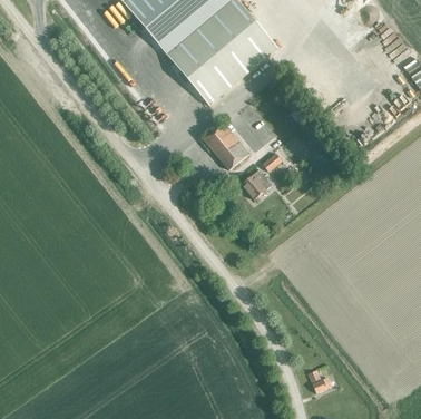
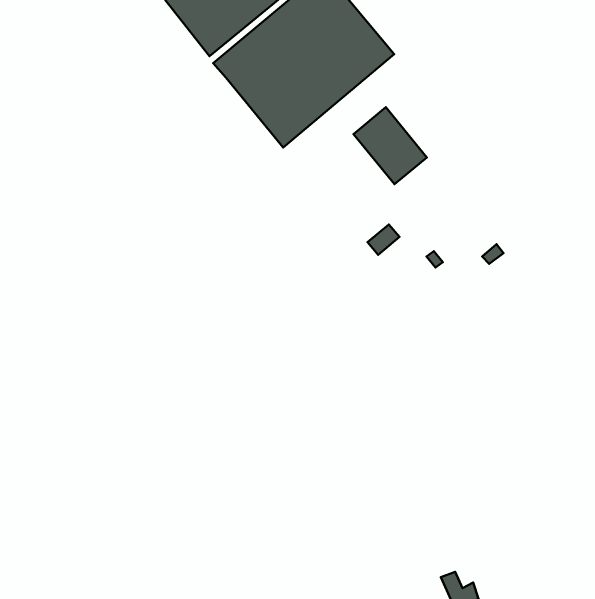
building: [203,121,248,169] -> [353,107,427,184]
building: [241,168,272,199] -> none

